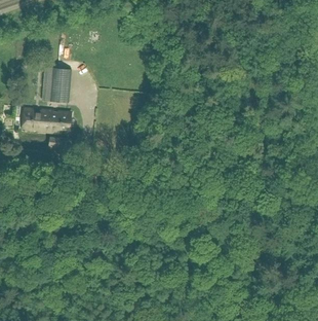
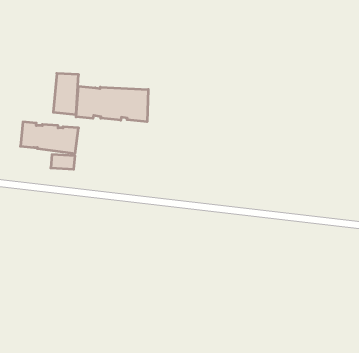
building: none -> [76,86,148,122]

